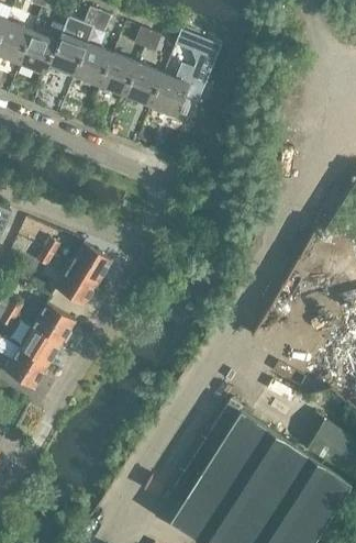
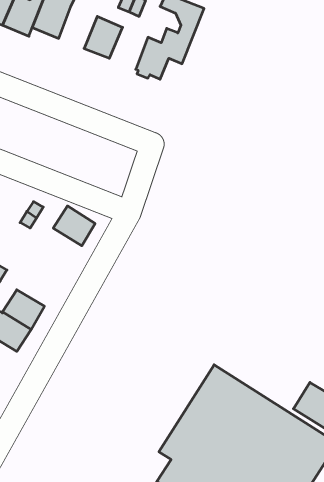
building: [75,44,113,86] -> none
building: [125,65,164,107] -> none
building: [56,265,98,306] -> none
building: [33,303,75,343] -> none

